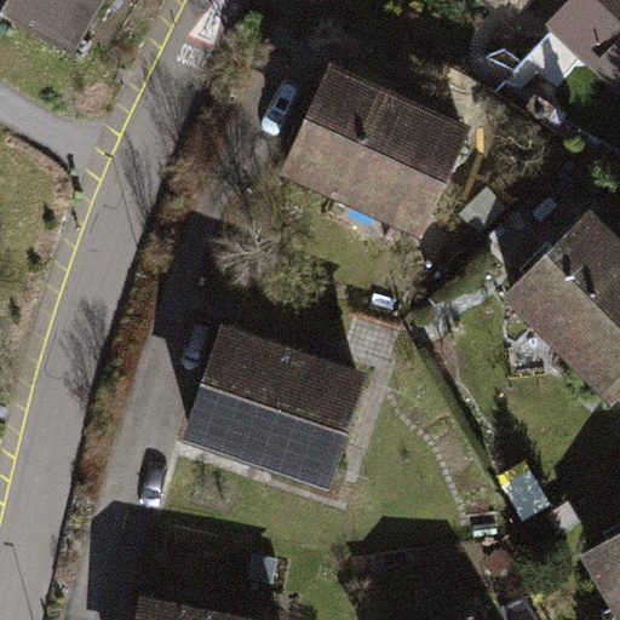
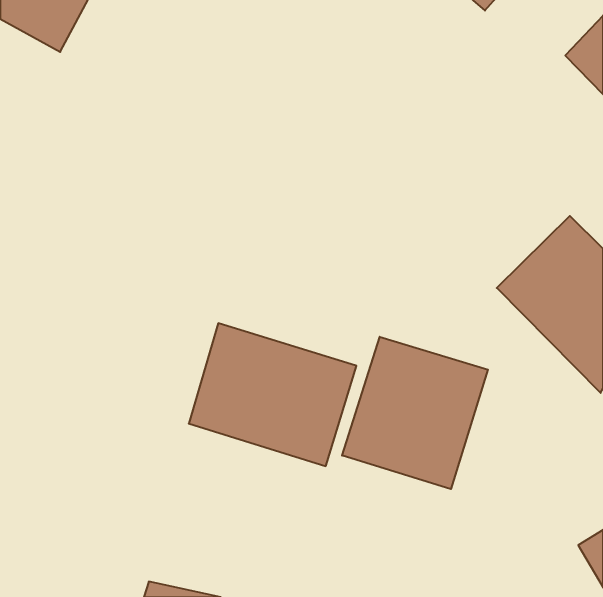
building: [282,69,461,230] -> none
building: none -> [342,337,488,489]

